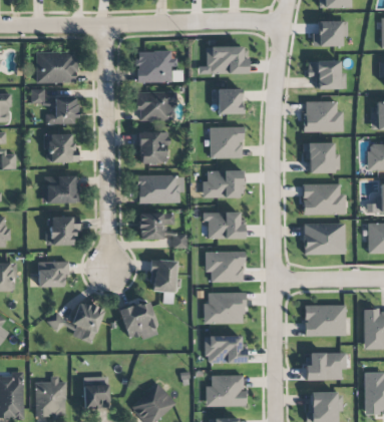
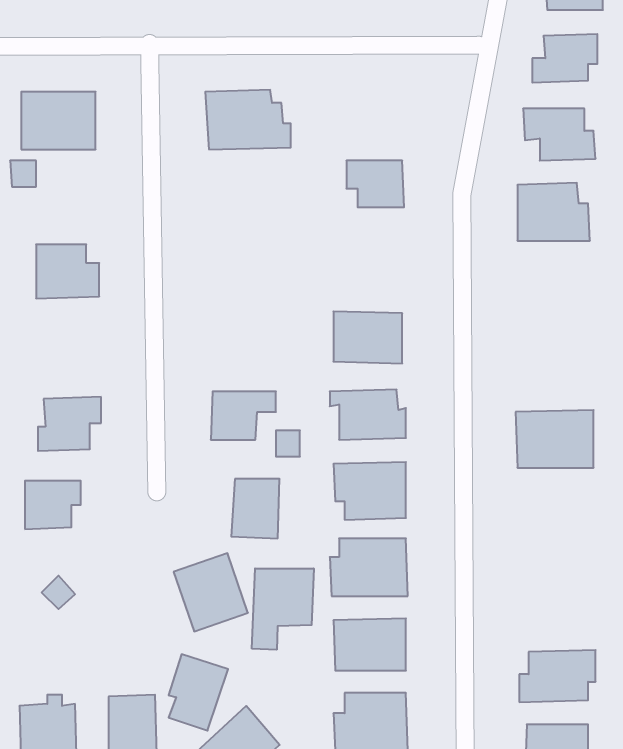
building: [207,46,248,73] -> none
building: [135,91,177,120] -> none
building: [45,97,77,123] -> none
building: [209,126,243,157] -> none
building: [138,130,168,163] -> none
building: [303,141,339,172] -> none
building: [42,174,77,202] -> none
building: [138,174,183,202] -> none
building: [302,183,345,215] -> none
building: [71,302,103,343] -> [169,654,228,731]
building: [304,305,345,336] -> none
building: none -> [252,568,314,650]

